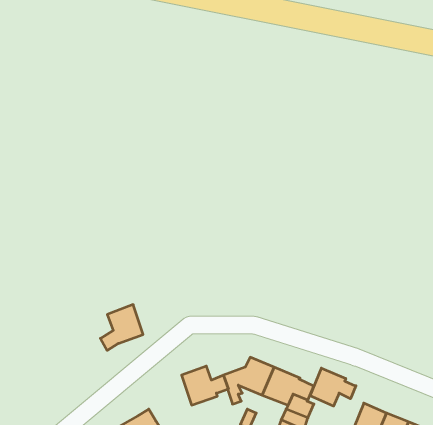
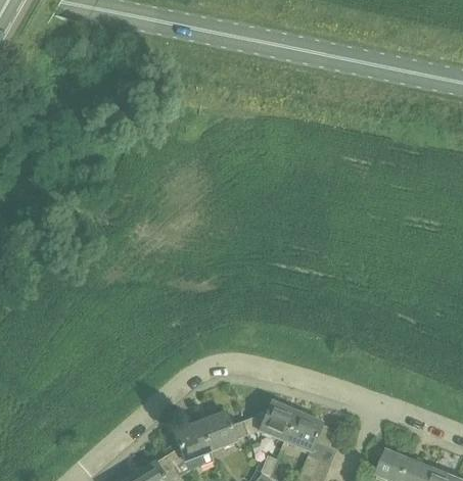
building: [100,305,143,350] -> [168,421,212,468]
building: [310,368,356,406] -> none

